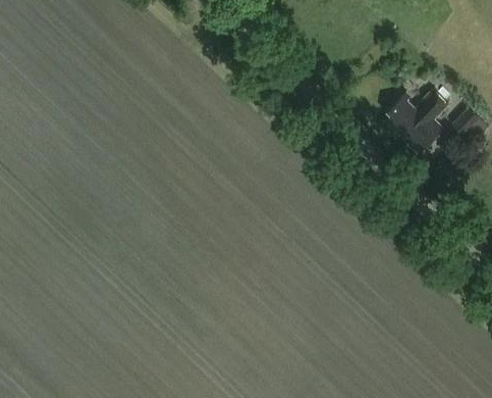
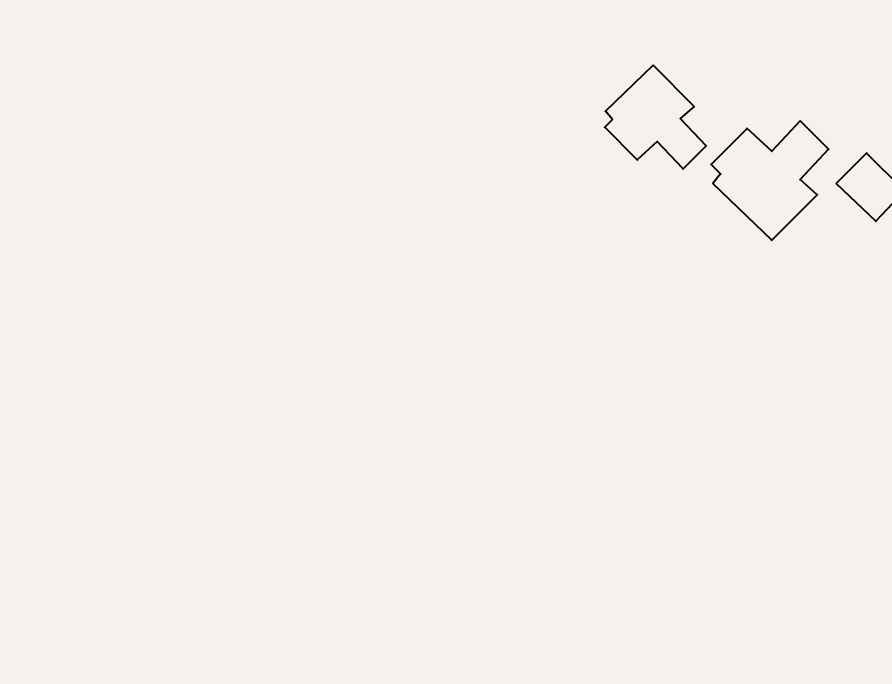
building: none -> [605,65,706,169]

